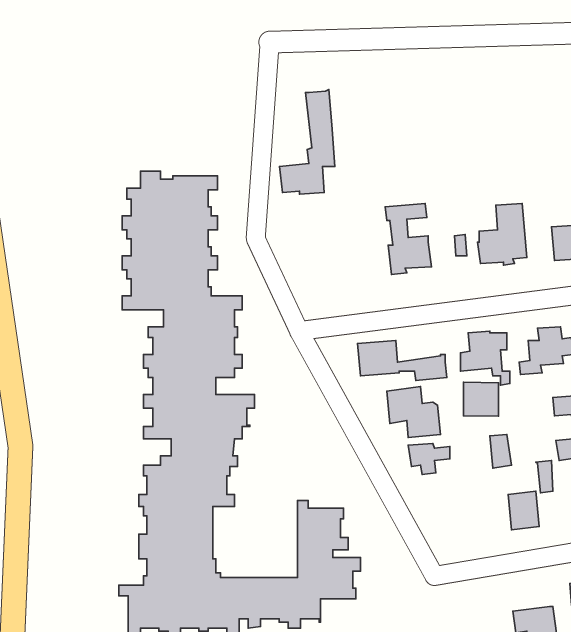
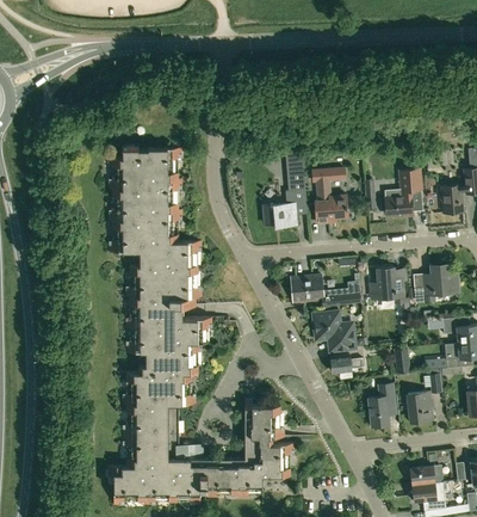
building: [279,90,335,194] -> [264,144,306,226]
building: [464,382,498,416] -> none
building: none -> [368,383,395,426]
building: none -> [410,464,442,485]

